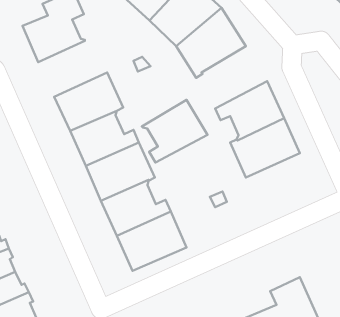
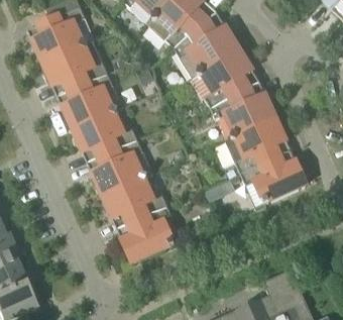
building: none -> [41,37,107,94]
building: [142,100,208,163] -> [197,45,259,105]
building: none -> [239,147,306,201]

